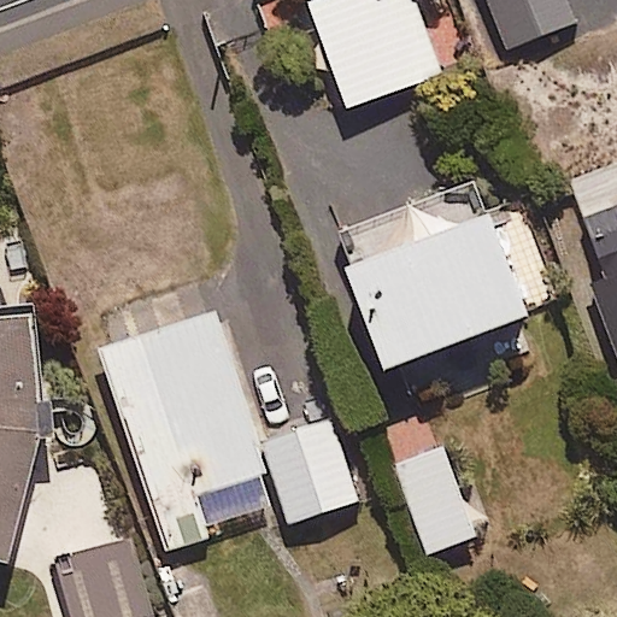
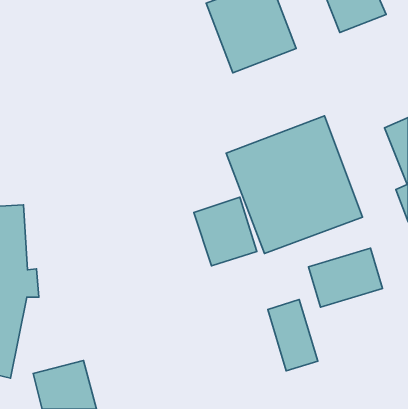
building: [101,315,275,550] -> none
building: none -> [308,248,383,307]
building: [262,419,355,522] -> [194,197,257,266]

